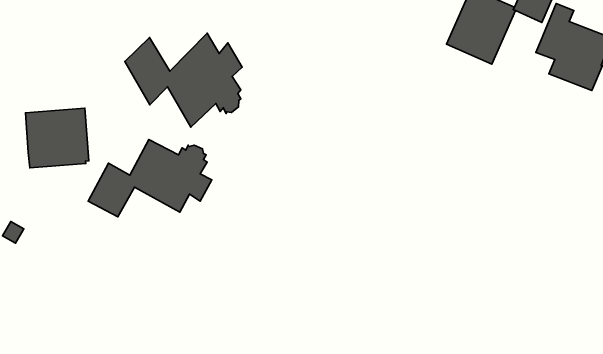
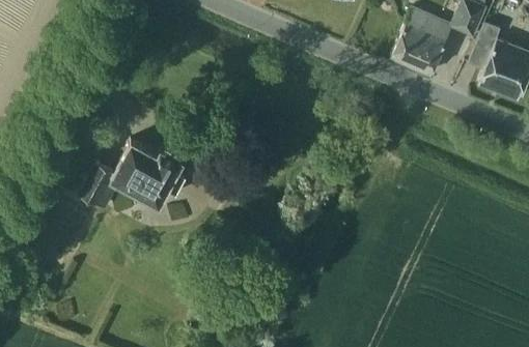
building: [125,33,242,127] -> none
building: [25,108,89,168] -> none

